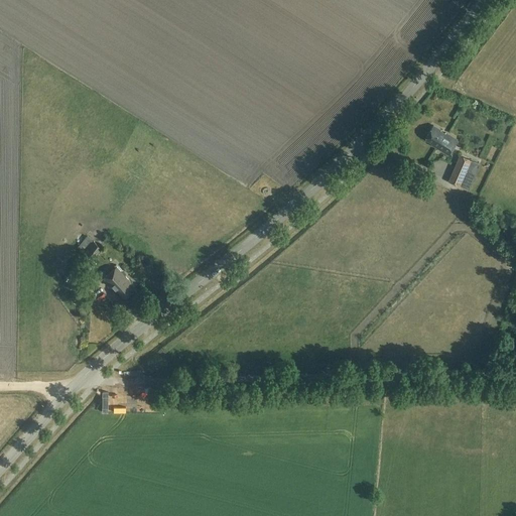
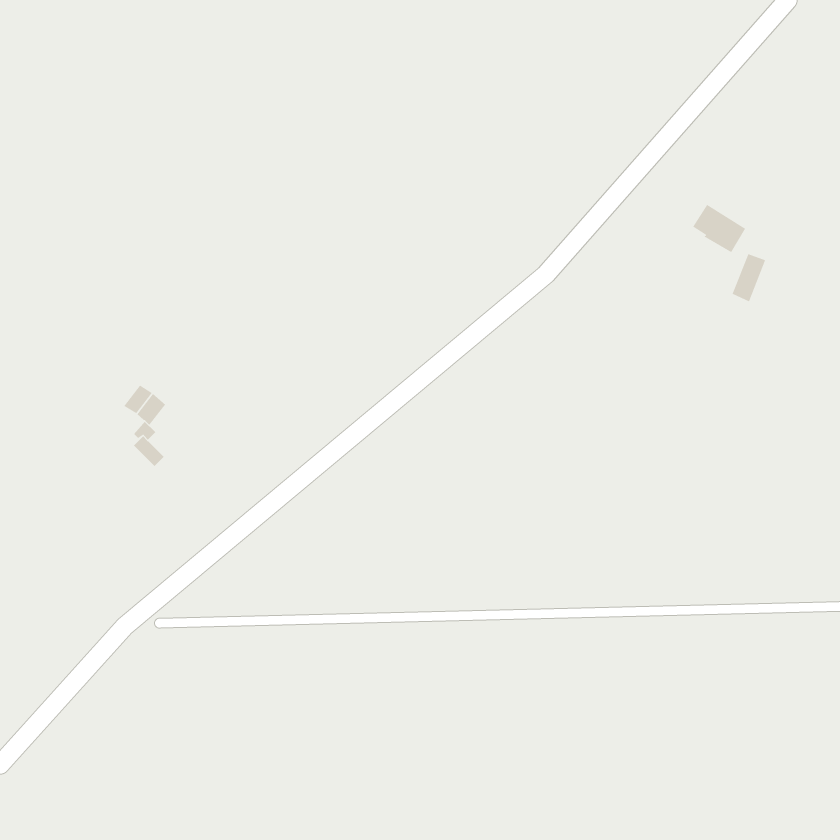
building: [104,266,137,297] -> none

